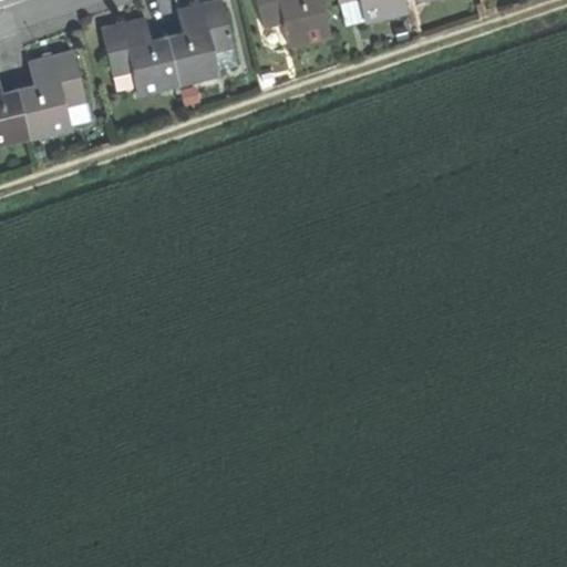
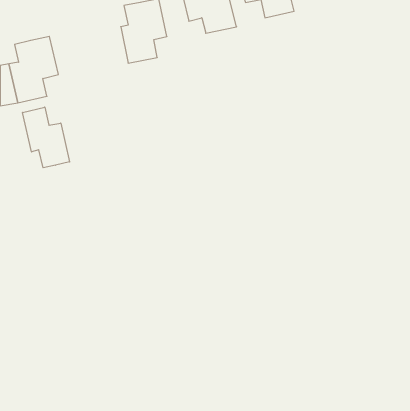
building: [102,16,181,95] -> none
building: none -> [23,107,70,168]

